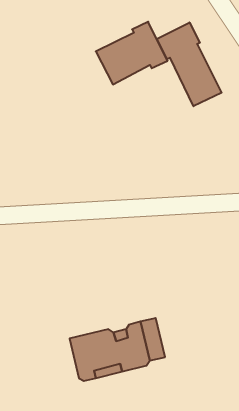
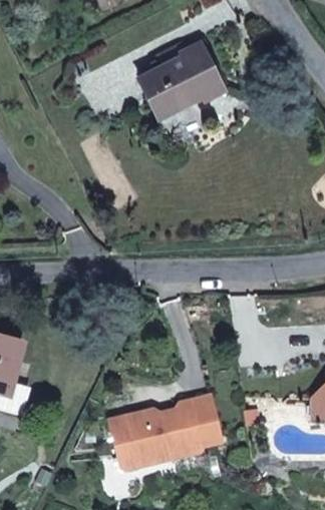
building: [157,22,222,106] -> none

